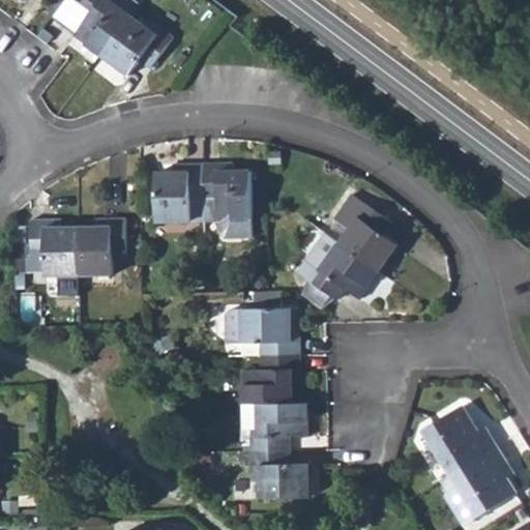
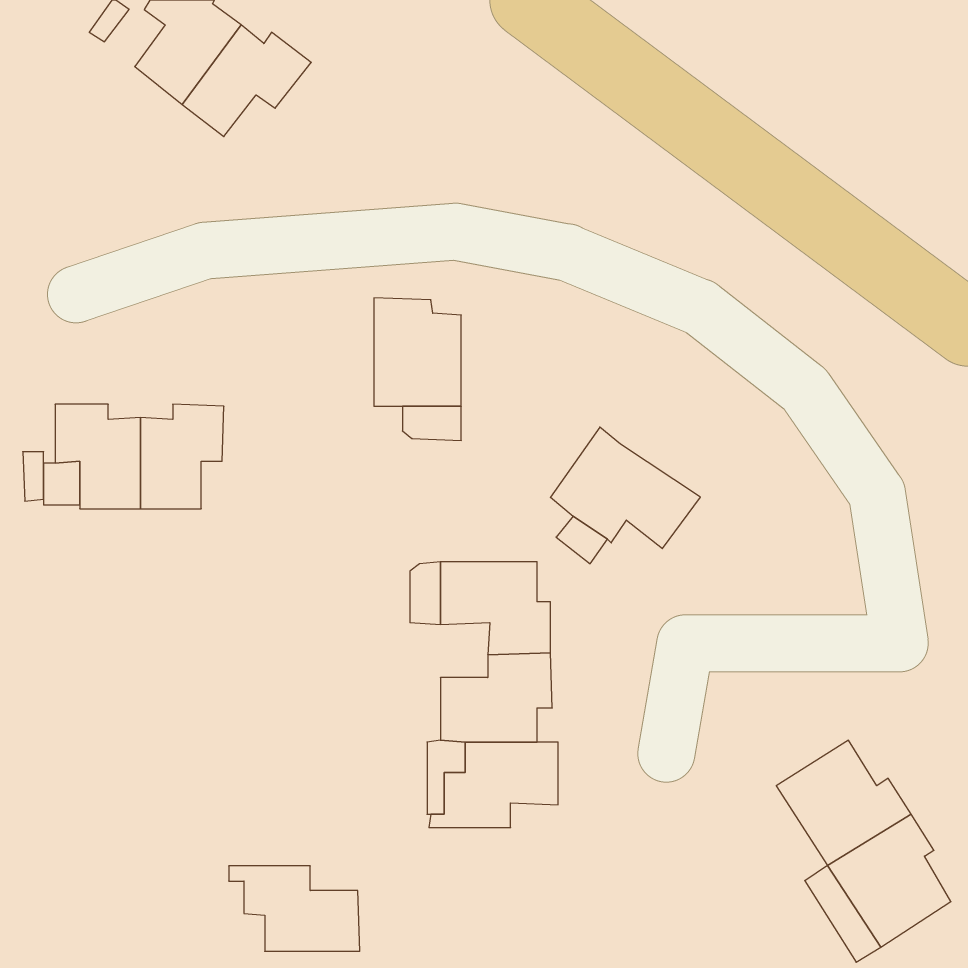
building: [156,164,204,223] -> none
building: [330,188,400,272] -> none
building: [234,452,305,499] -> [229,866,360,951]

